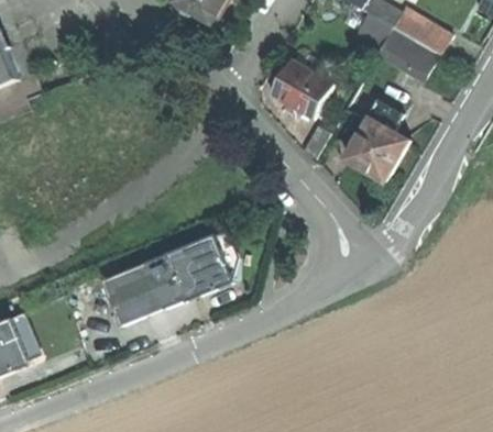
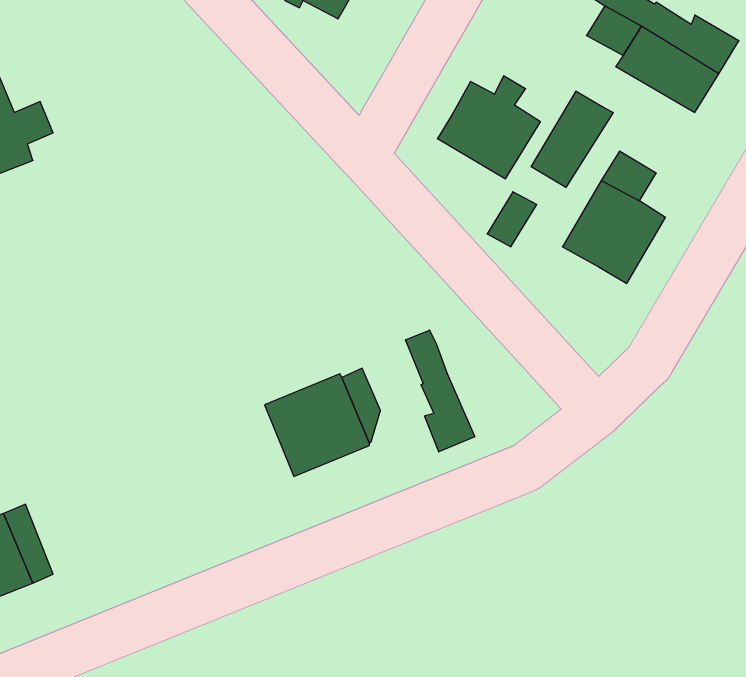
building: none -> [531,91,613,187]
building: none -> [406,330,475,452]
building: [101,253,184,324] -> none

